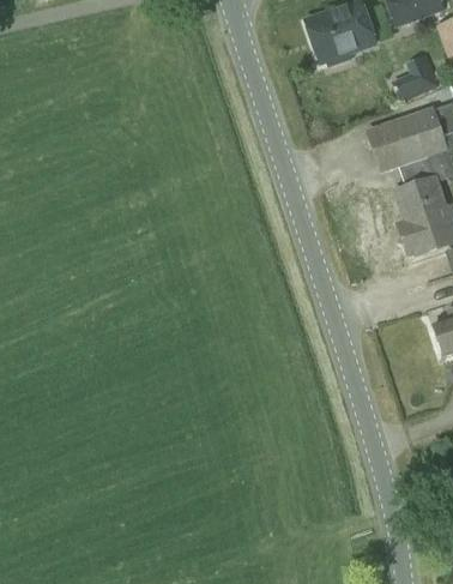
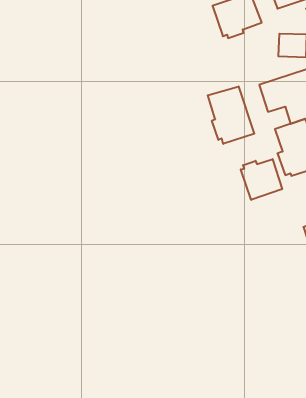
building: none -> [208,86,254,144]
building: none -> [241,159,282,200]

